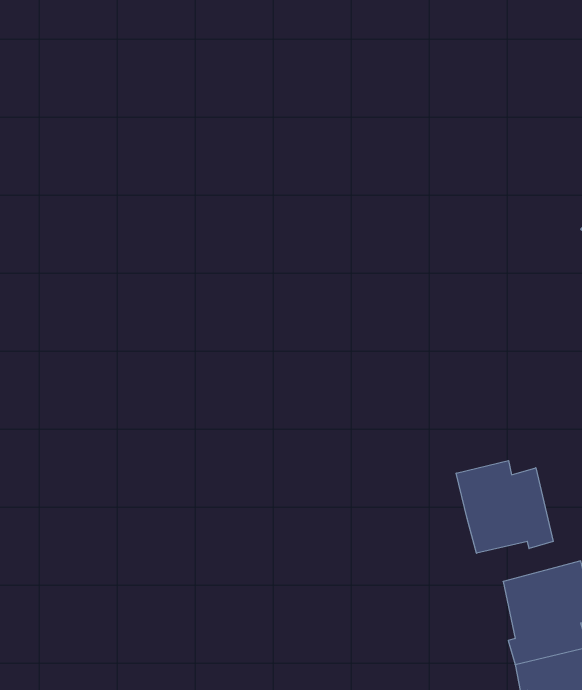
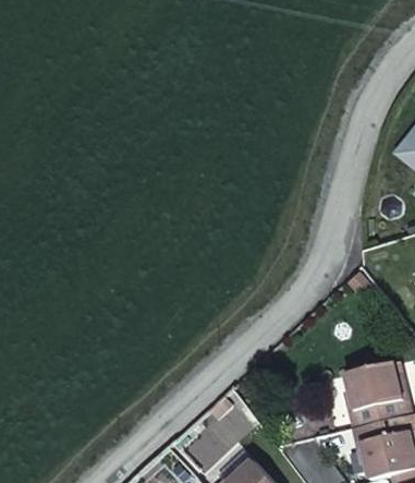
building: [456,461,553,553] -> none

